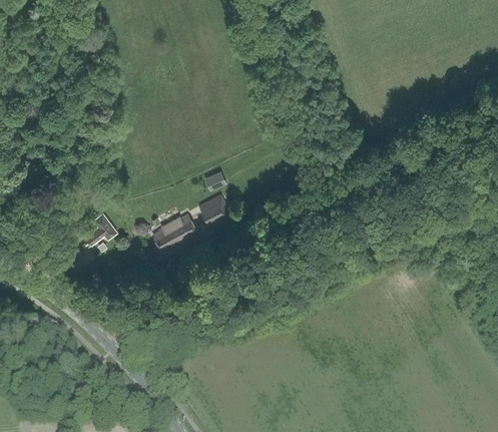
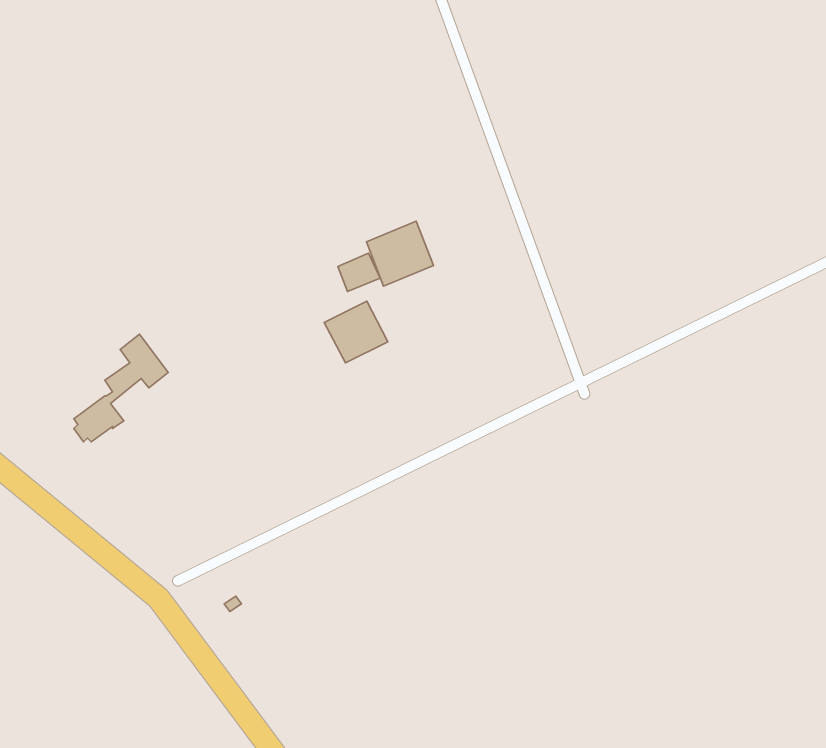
building: none -> [366,221,433,286]
building: [151,213,197,248] -> none

